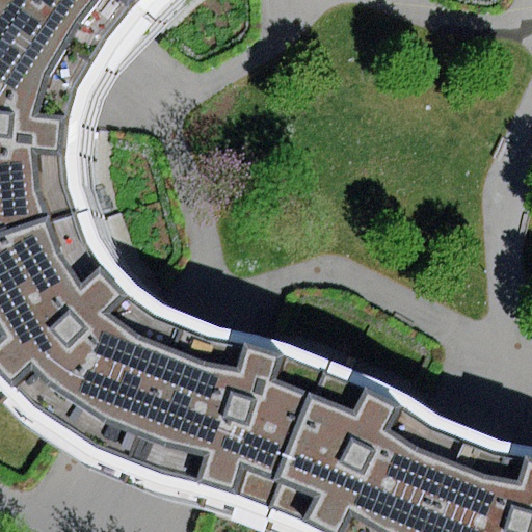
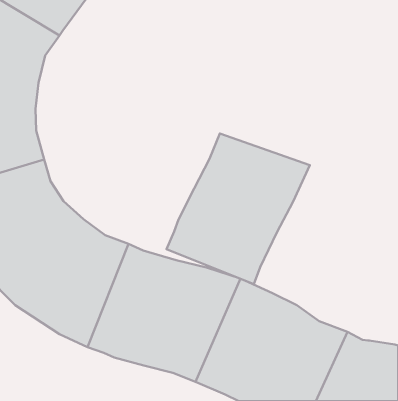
building: none -> [167,134,310,284]

